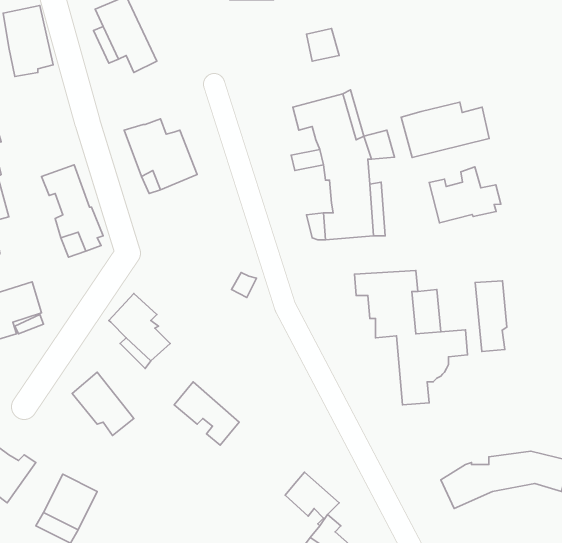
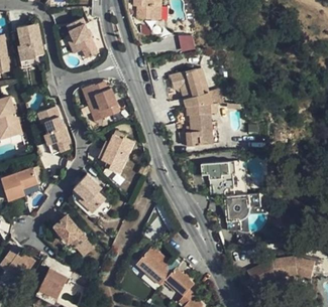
building: [401,102,489,157] -> none
building: [429,167,501,223] -> none
building: none -> [97,135,133,173]
building: [475,281,507,351] -> none
building: [174,382,239,445] -> [136,253,171,286]

